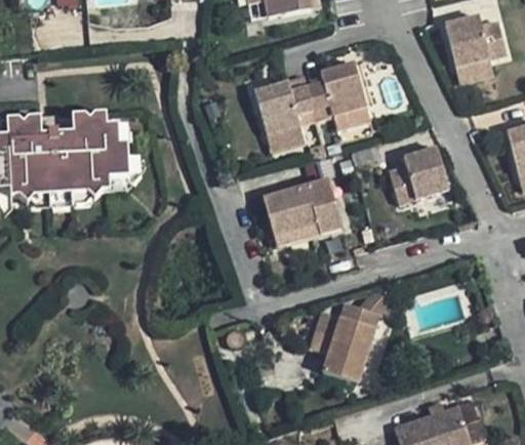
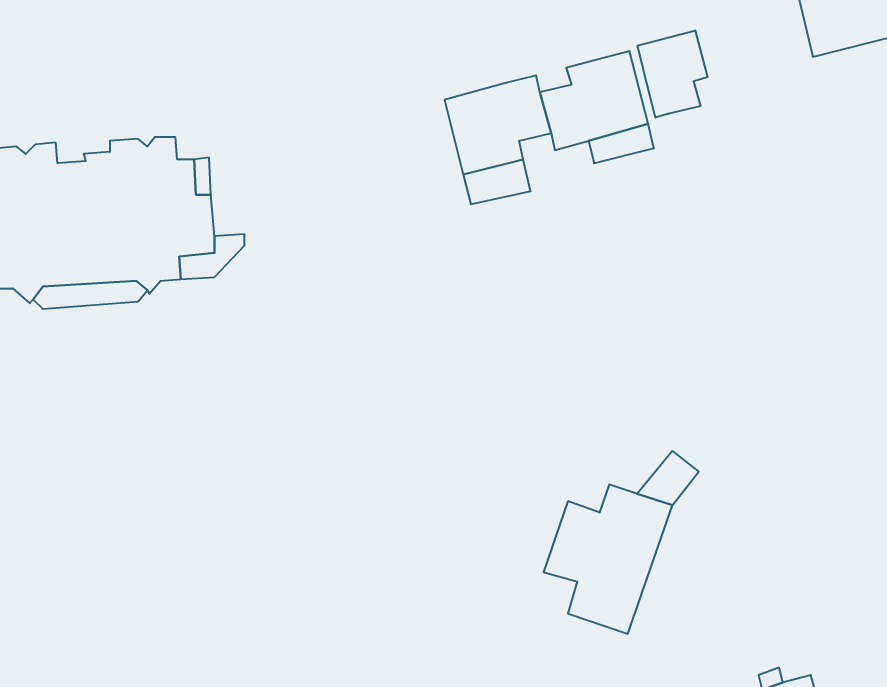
building: none -> [638,30,708,118]
building: [392,149,450,206] -> none
building: [260,180,337,245] -> none

